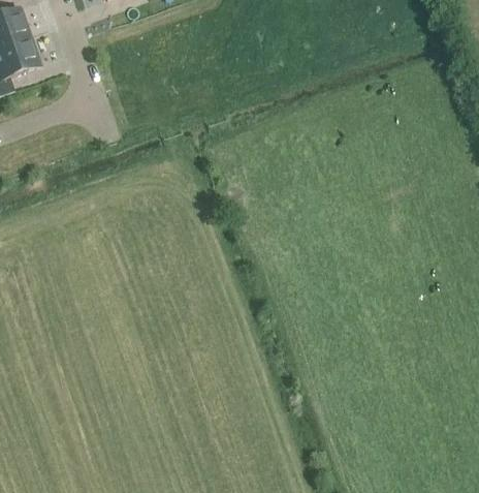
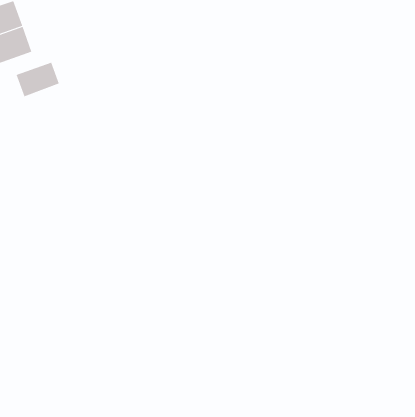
building: none -> [16,62,59,97]

